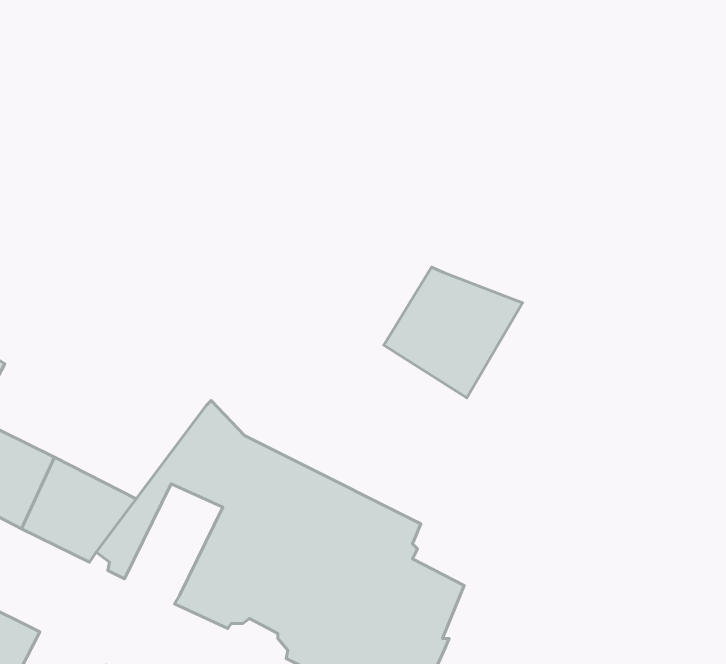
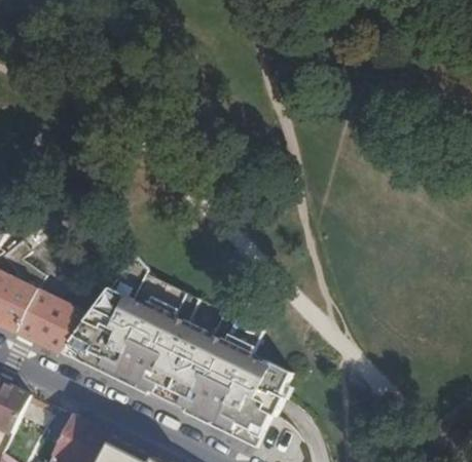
building: [384,267,523,398] -> none
building: none -> [80,306,141,375]

